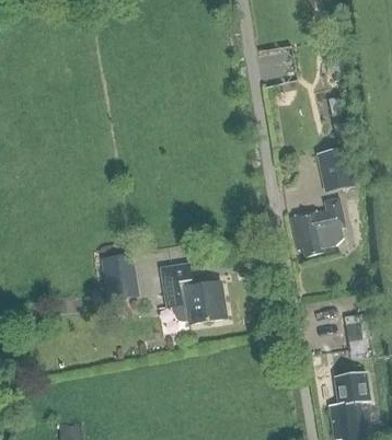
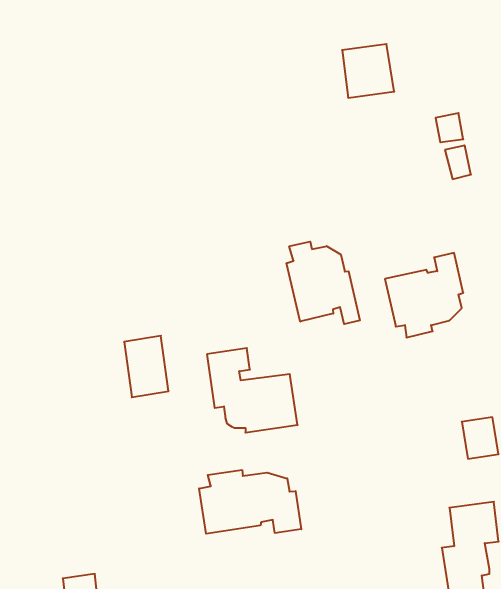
building: [314,147,356,193] -> none
building: none -> [287,242,360,324]
building: none -> [199,470,301,534]

